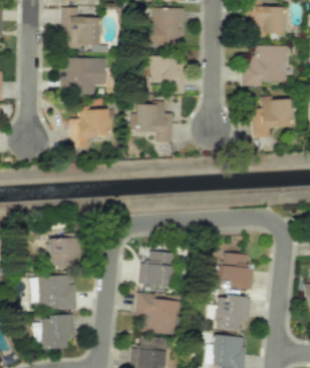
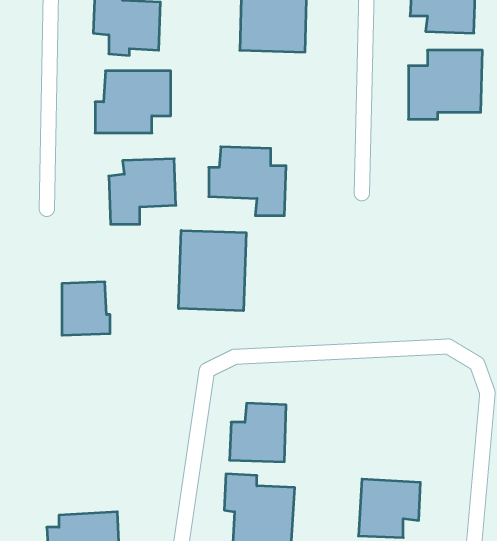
building: [141,56,184,94] -> none
building: [252,98,290,135] -> none
building: none -> [179,230,246,311]
building: [50,238,78,269] -> [62,282,110,335]
building: [222,254,254,290] -> none
building: [39,276,76,309] -> none

